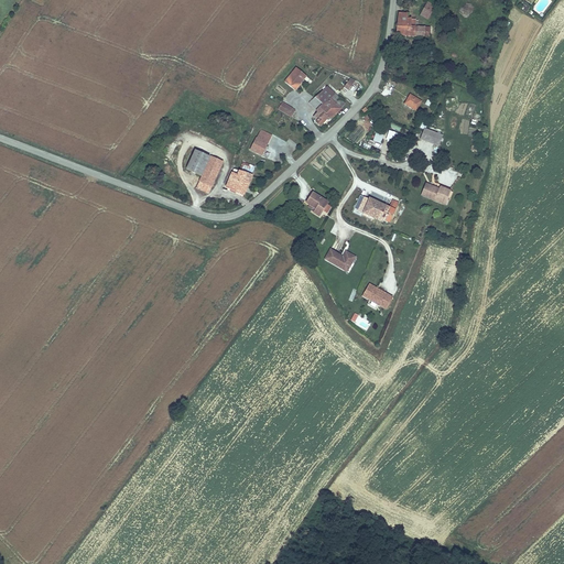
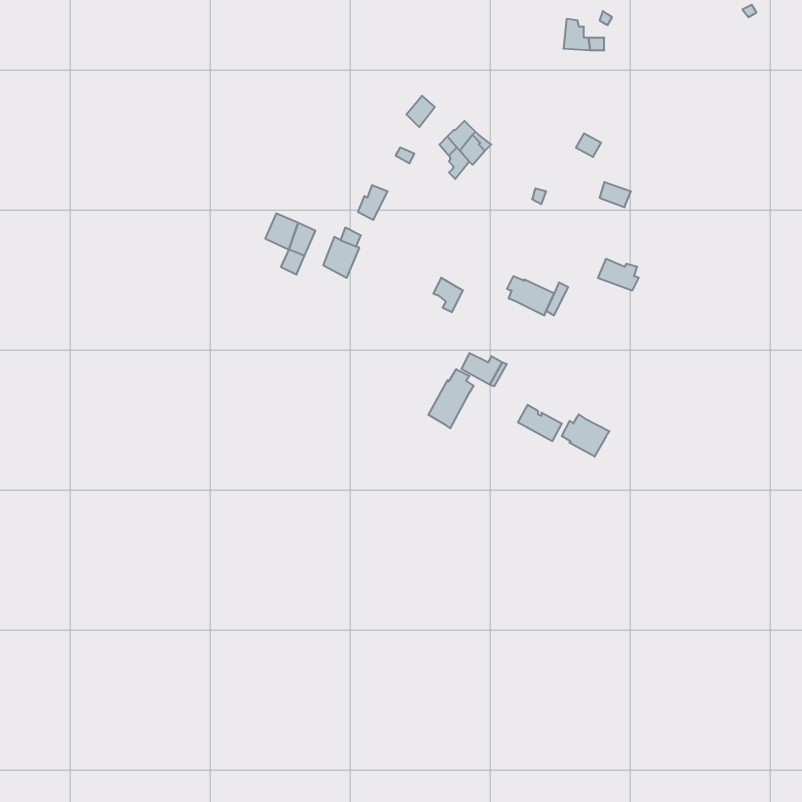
building: none -> [428,369,474,428]
building: none -> [562,414,609,457]

